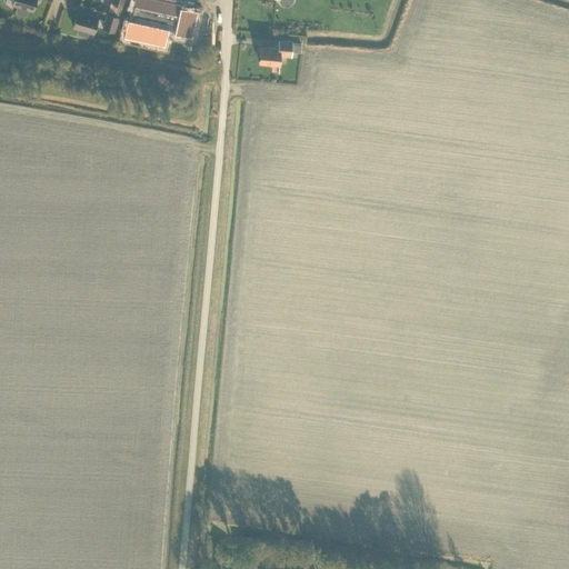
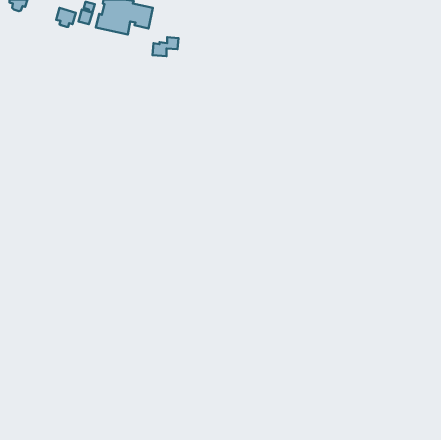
building: [259,39,292,63] -> [153,37,178,56]

